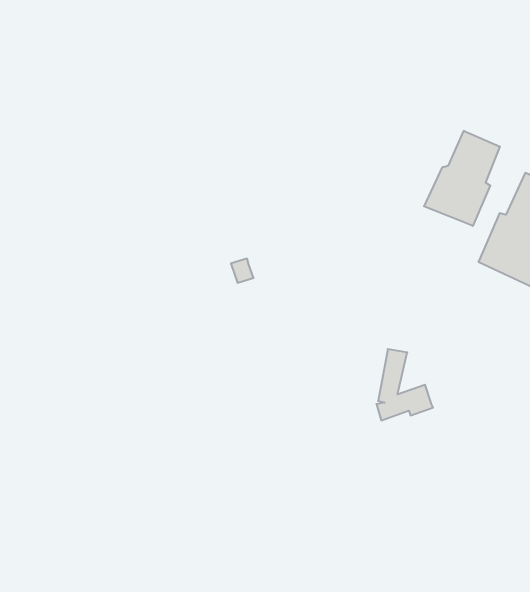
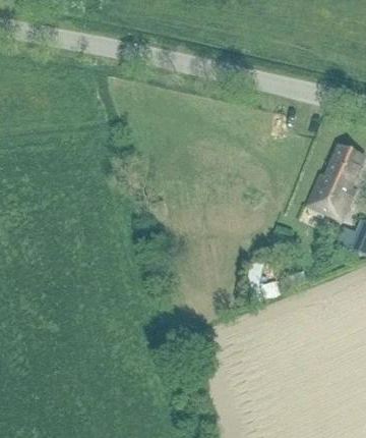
building: [424,131,500,226] -> none

